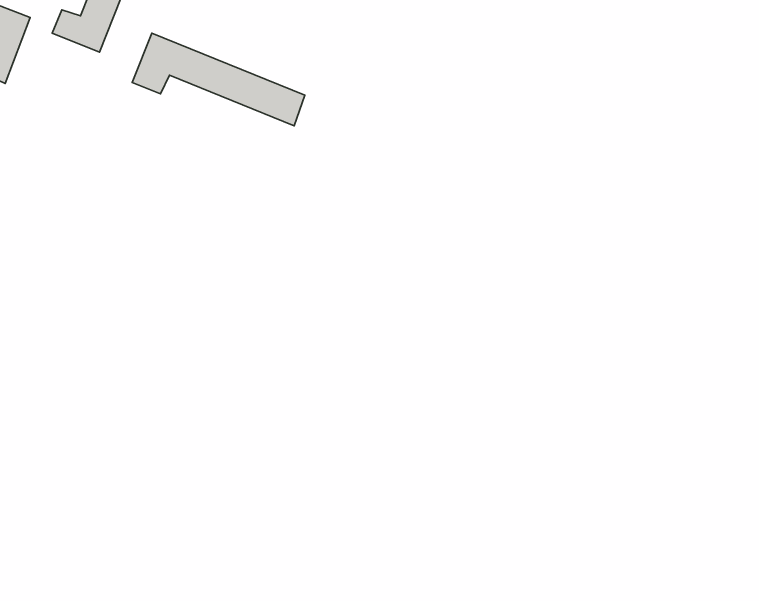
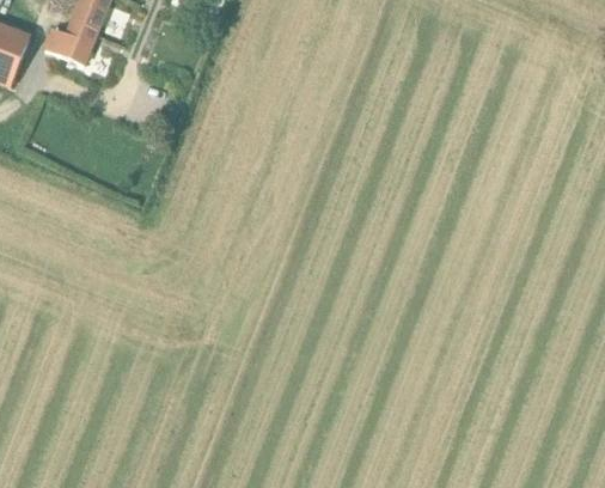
building: [132,33,305,126] -> none

